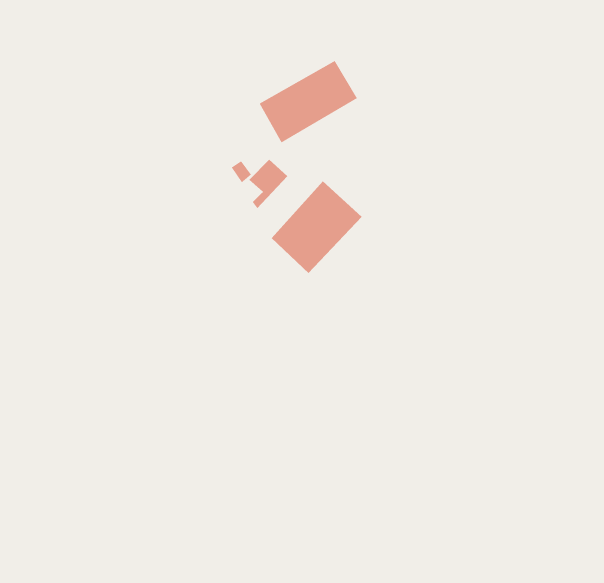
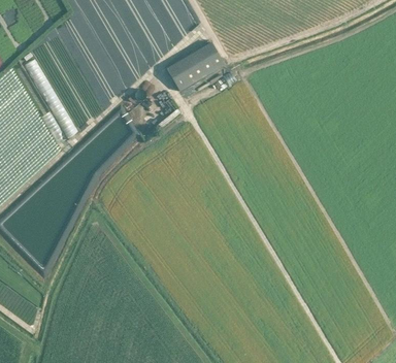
building: [271,181,362,274] -> none

